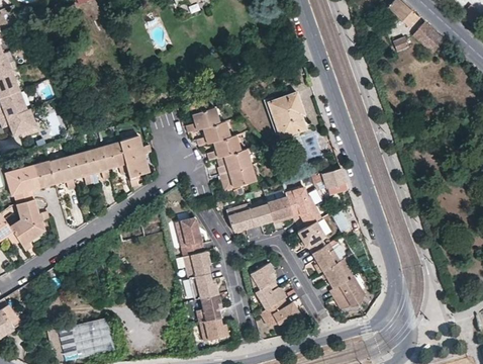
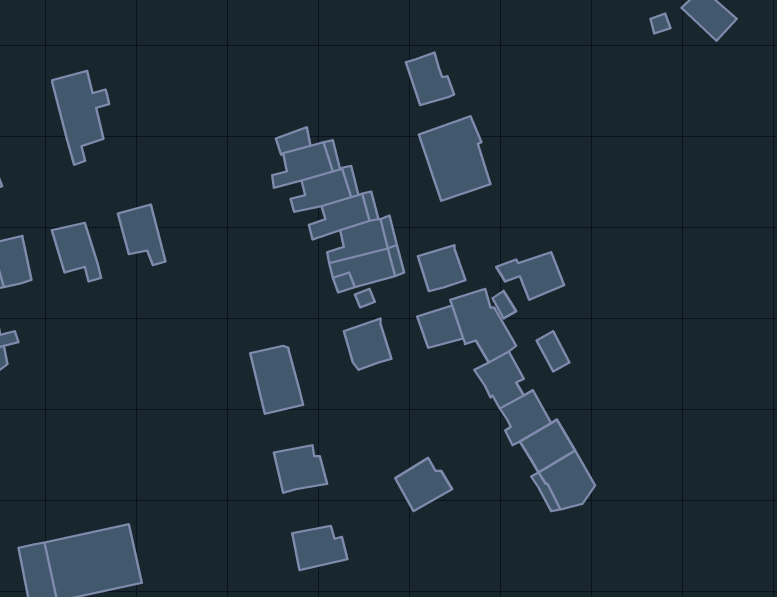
building: none -> [406,53,454,105]
building: [121,135,153,187] -> [52,71,109,165]
building: [85,147,111,180] -> none
building: [51,156,76,189] -> none
building: [248,201,274,226] -> [418,245,465,291]
building: [184,252,210,278] -> none
building: [251,263,274,292] -> none
building: [196,294,222,323] -> none
building: [261,298,300,329] -> none

